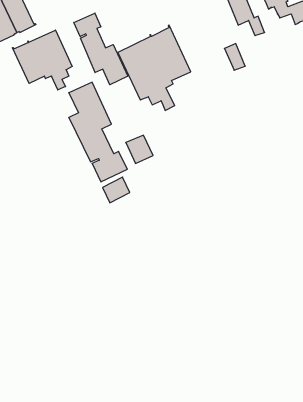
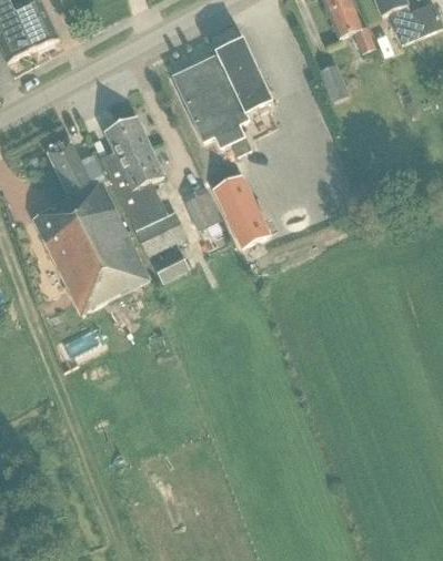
building: [74,13,128,85] -> none
building: [12,30,72,90] -> none
building: none -> [31,140,149,313]
building: none -> [213,174,268,245]

